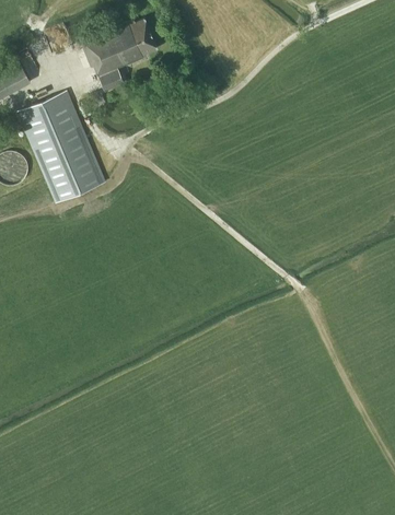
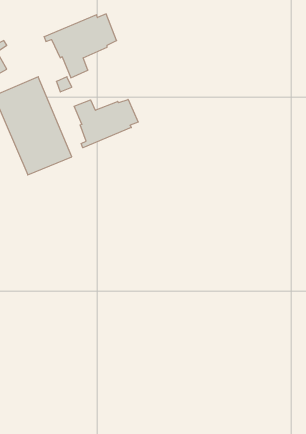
building: none -> [74,99,138,148]

